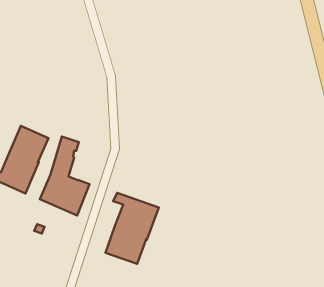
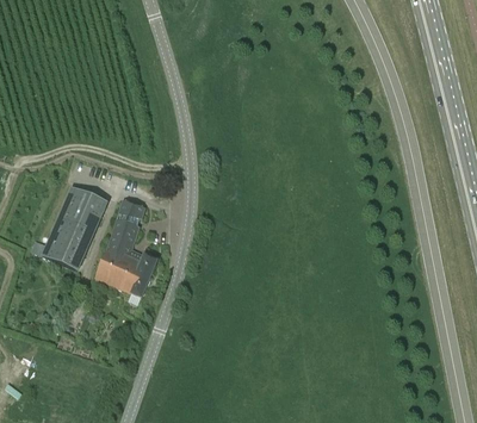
building: [105,193,159,264] -> none

